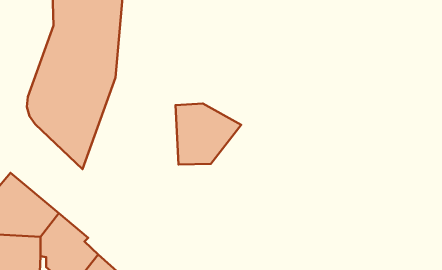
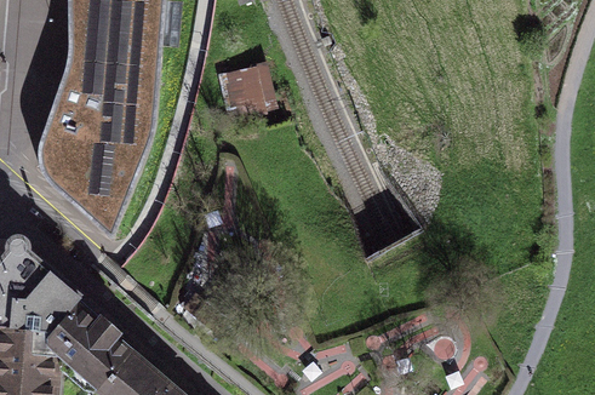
building: none -> [222,64,274,110]
building: [175,104,241,164] -> none

